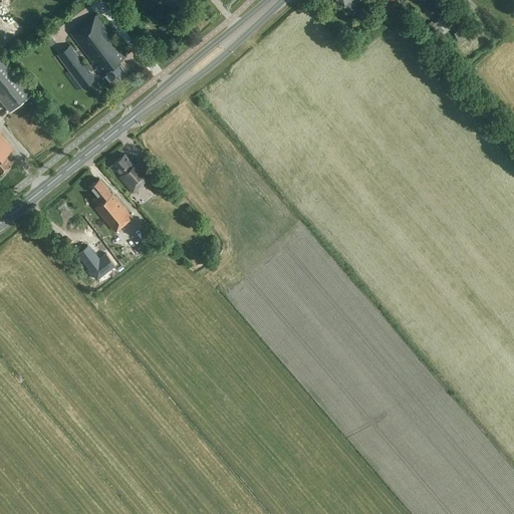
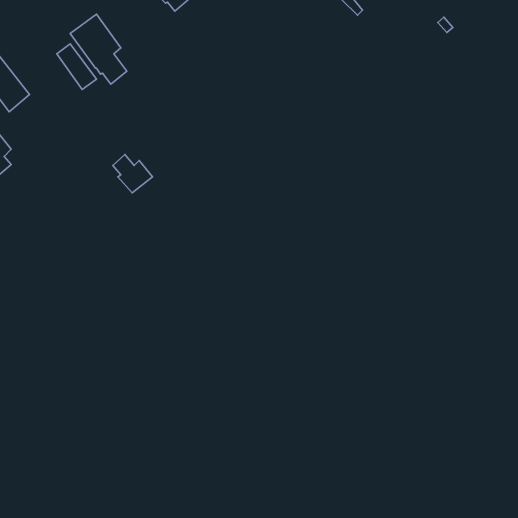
building: [89,178,132,230] -> none
building: [76,246,112,279] -> none

